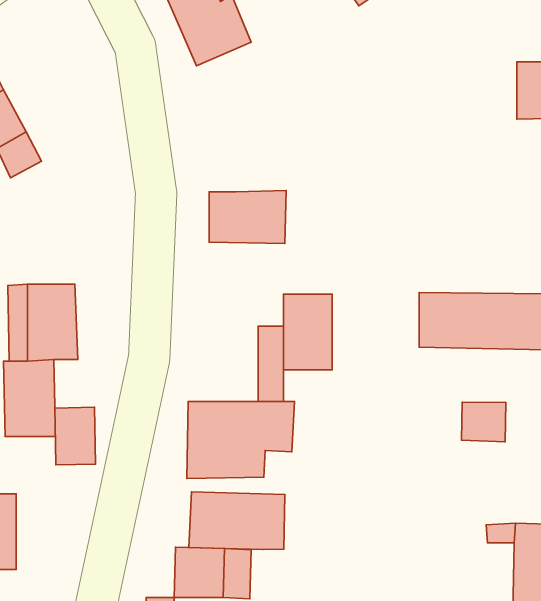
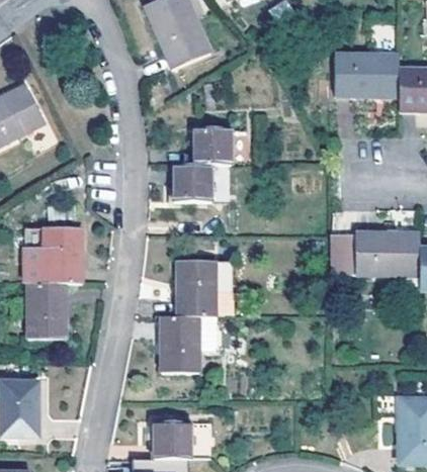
building: none -> [334,53,400,94]
building: none -> [196,126,233,162]
building: [283,294,332,370] -> [177,259,212,313]
building: [462,402,506,442] -> none
building: [55,407,96,465] -> none
building: [189,492,285,550] -> none

